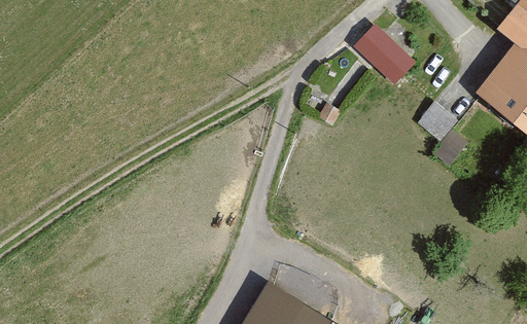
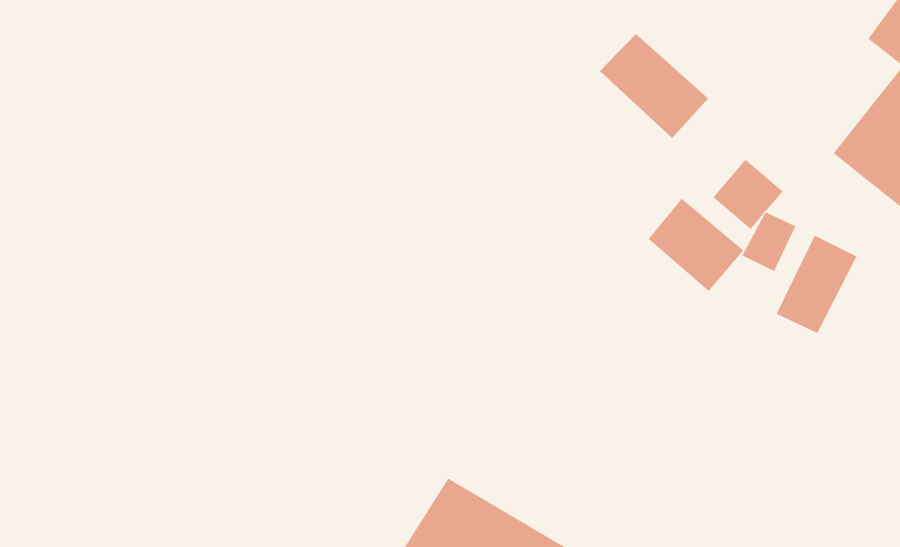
building: none -> [648,198,744,292]
building: none -> [776,235,857,334]

